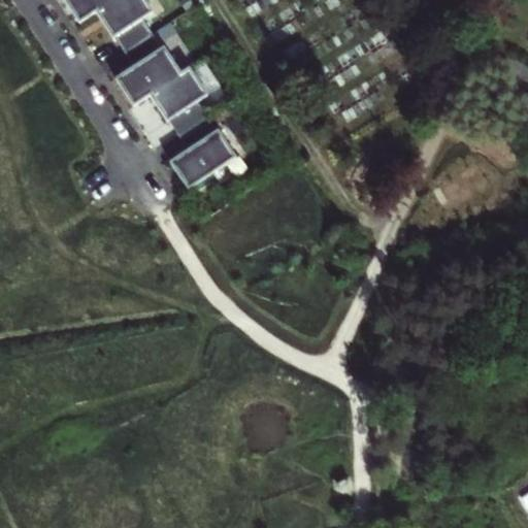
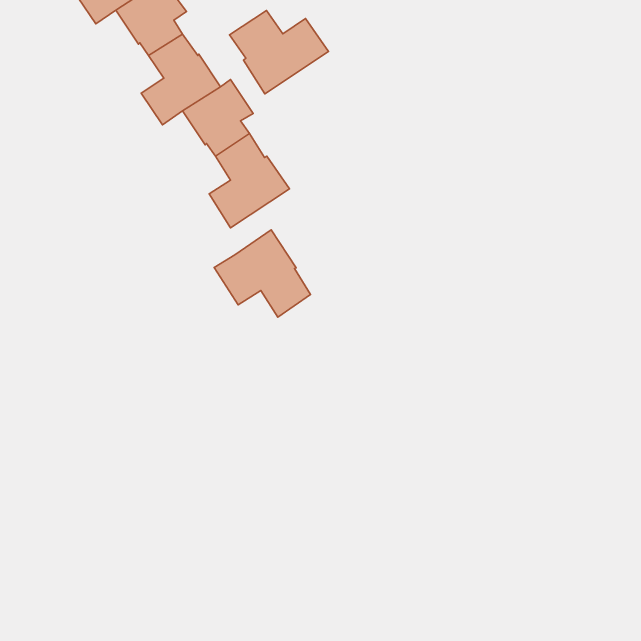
building: none -> [230,11,329,94]
building: none -> [214,230,311,317]

